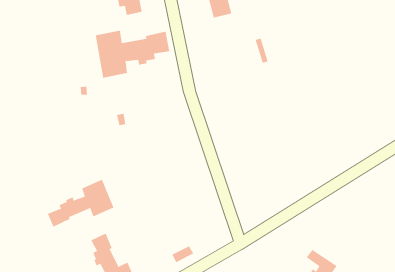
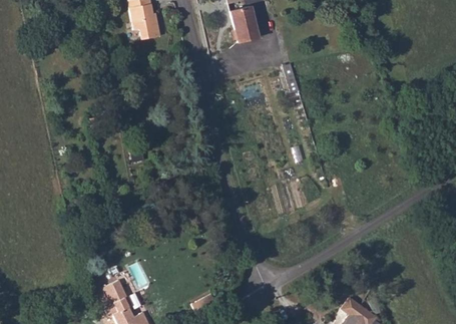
building: [95,30,170,79] -> none
building: [47,179,114,227] -> none

